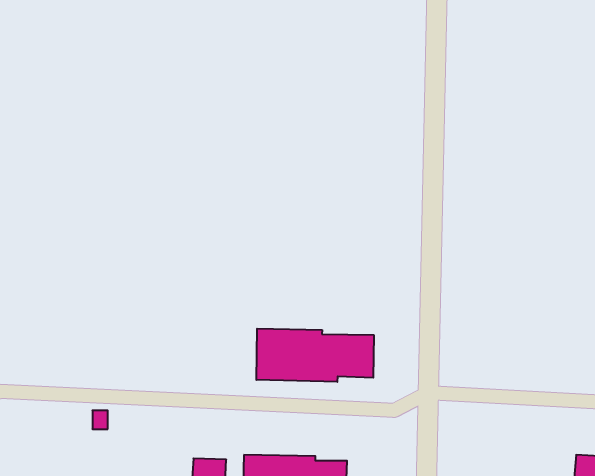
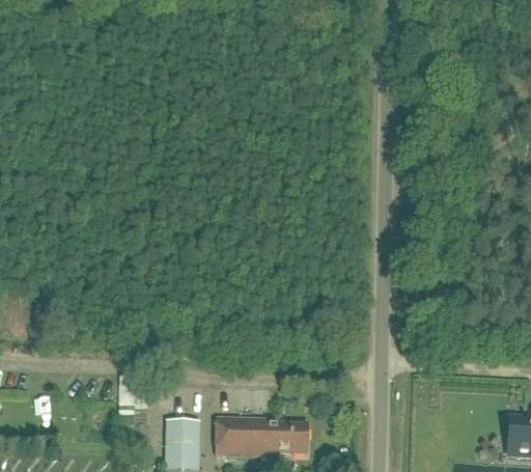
building: [256,329,374,382] -> none

